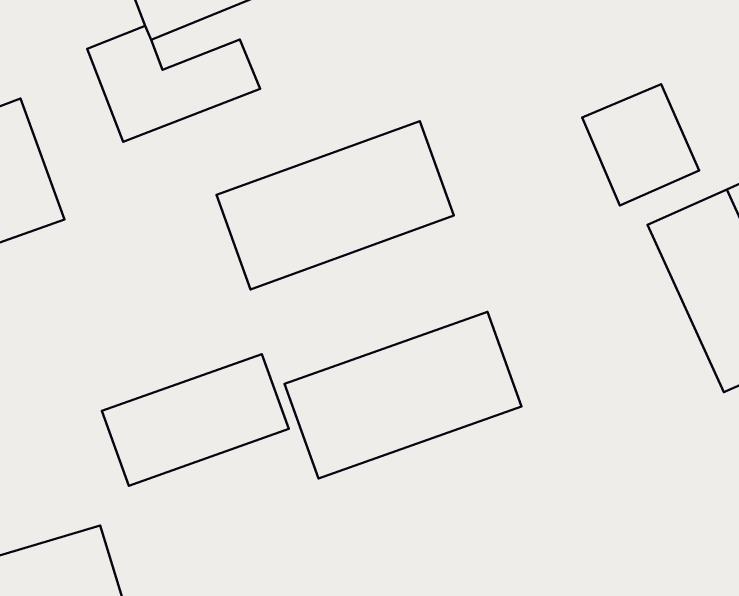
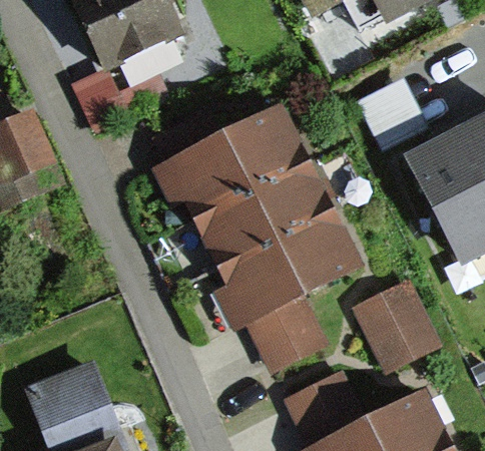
building: none -> [177,164,318,271]
building: [102,354,289,486] -> none
building: none -> [358,271,449,365]
building: none -> [257,296,337,368]

